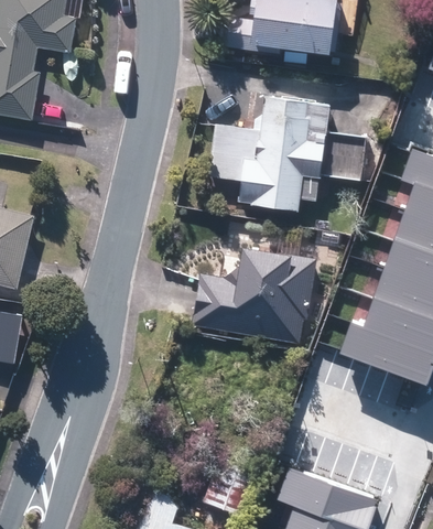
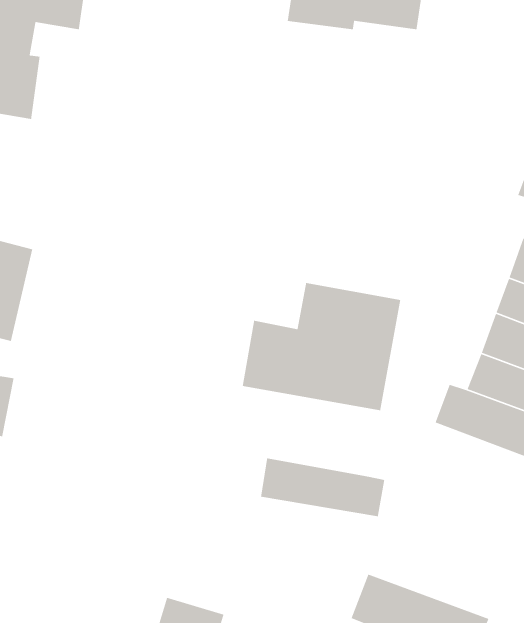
building: [208,96,364,207] -> none
building: none -> [260,458,385,517]

